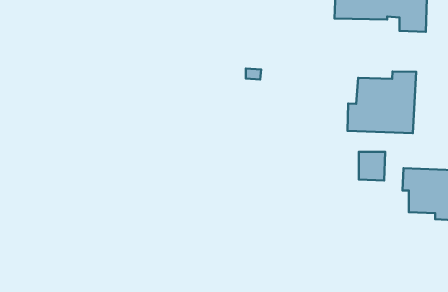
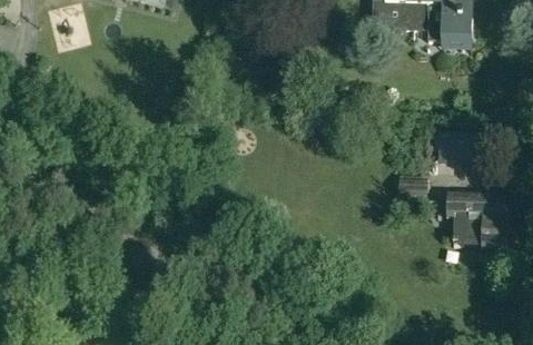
building: [347,71,416,133] -> none

